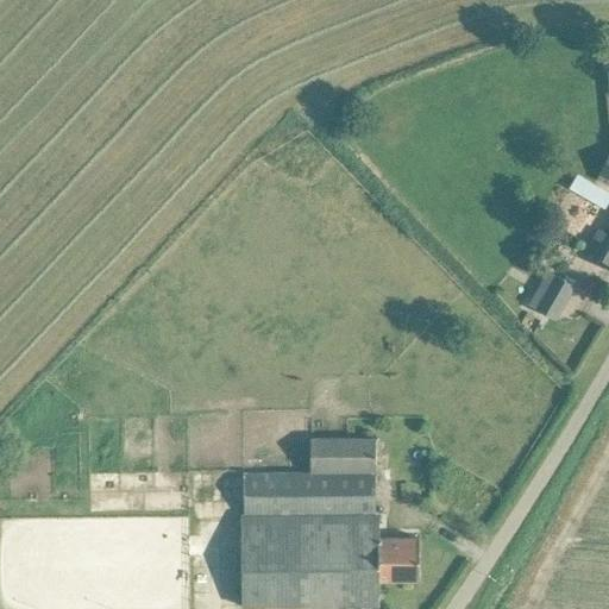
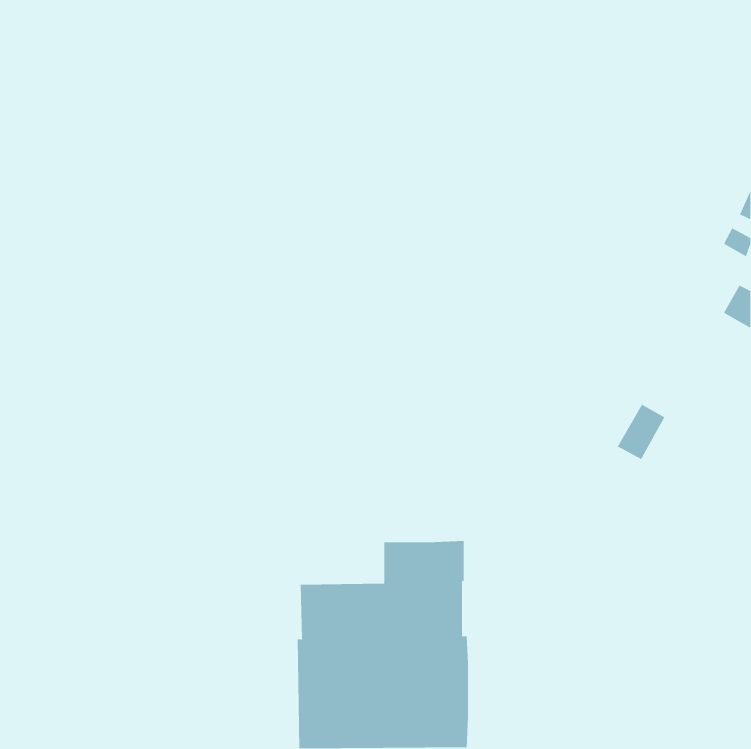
building: [536,276,576,321] -> [617,404,665,460]
building: [379,539,419,582] -> none

